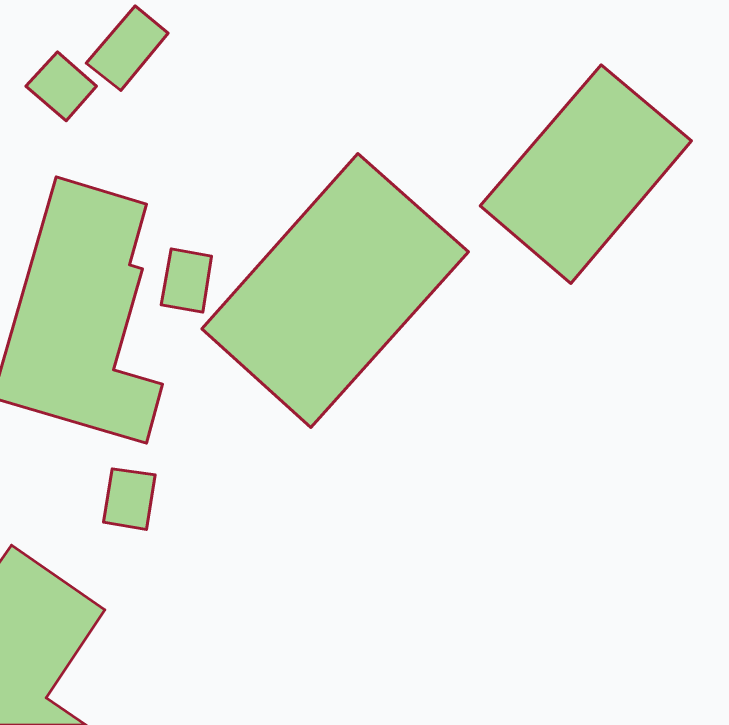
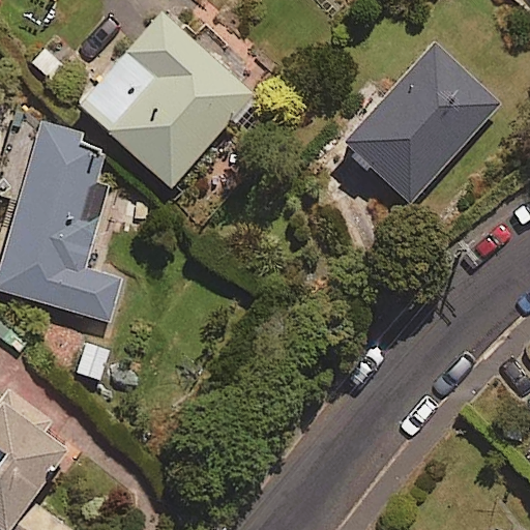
building: none -> [79,14,251,186]
building: [202,153,468,428] -> none

